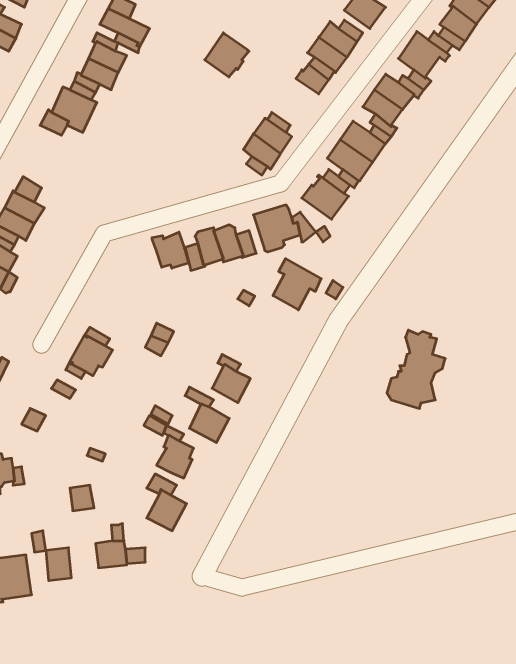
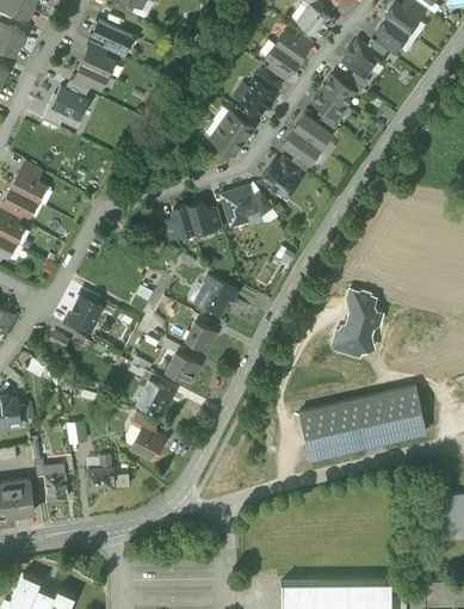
building: [205,33,249,77] -> [239,79,276,116]
building: [152,232,189,268] -> none
building: [273,259,321,310] -> [197,275,237,318]
building: none -> [298,386,426,461]

